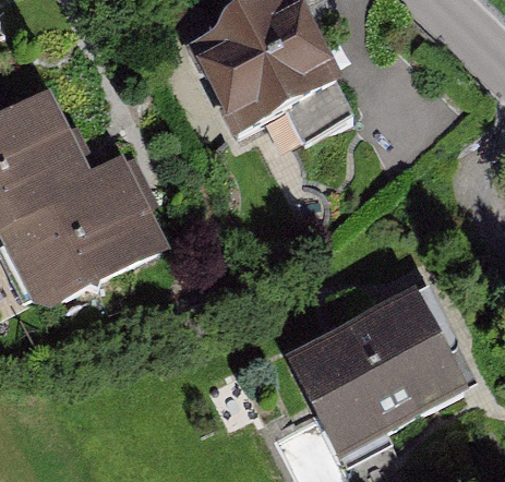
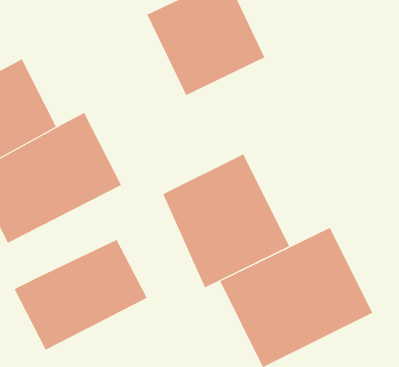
building: none -> [162,153,290,288]
building: none -> [14,239,147,350]

